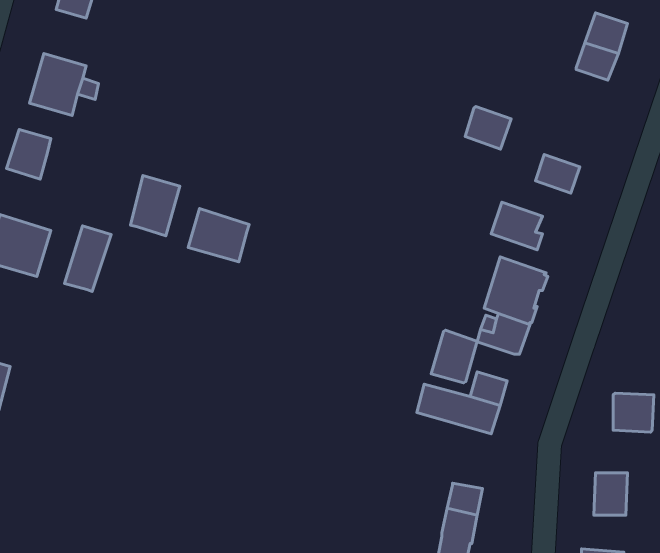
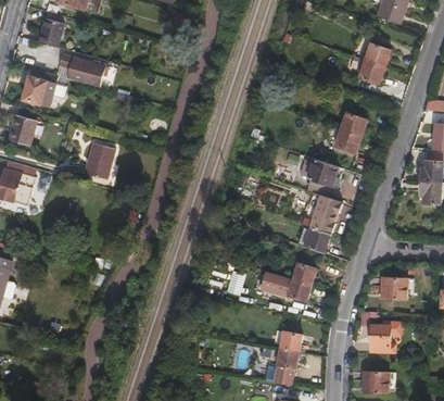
building: none -> [59,53,107,87]
building: [465,107,511,149] -> [339,111,367,137]
building: [188,209,249,262] -> none
building: [65,226,111,291] -> none
building: [431,330,477,383] -> none

